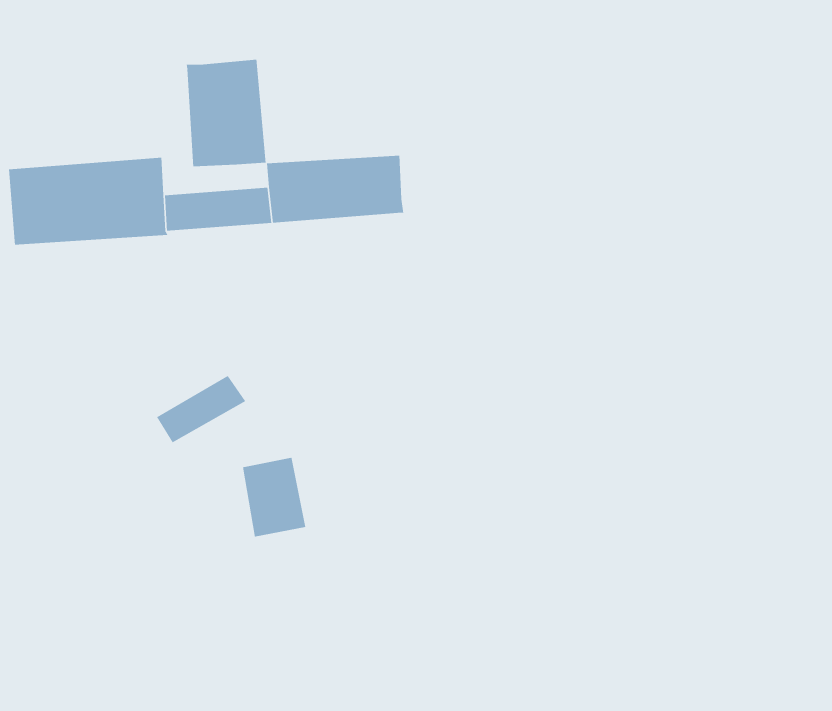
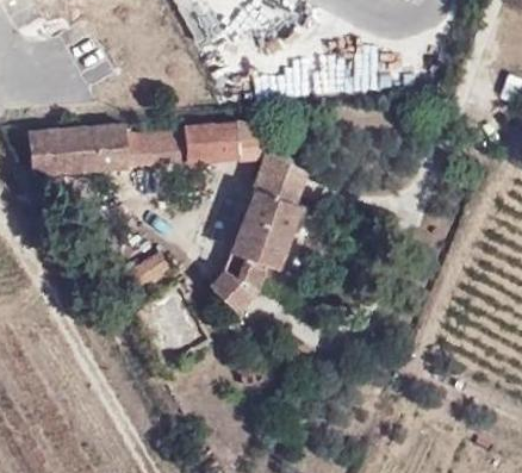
building: [186,59,266,167] -> none
building: none -> [210,148,307,310]

